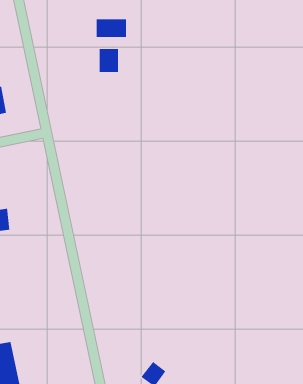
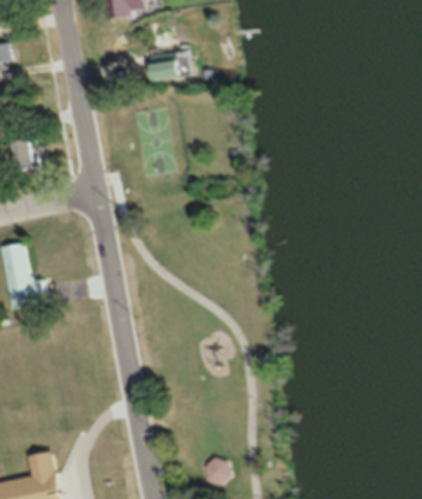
building: [99,48,118,73] -> none

